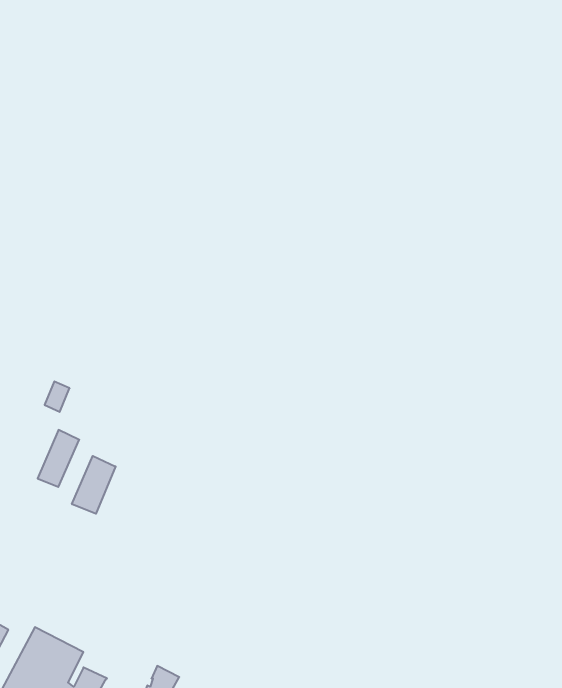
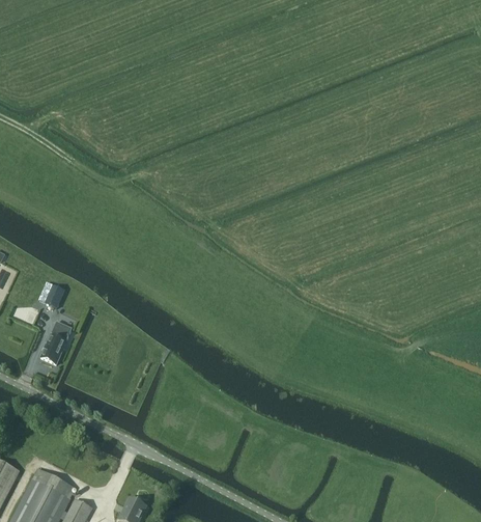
building: [72,456,116,514] -> none

